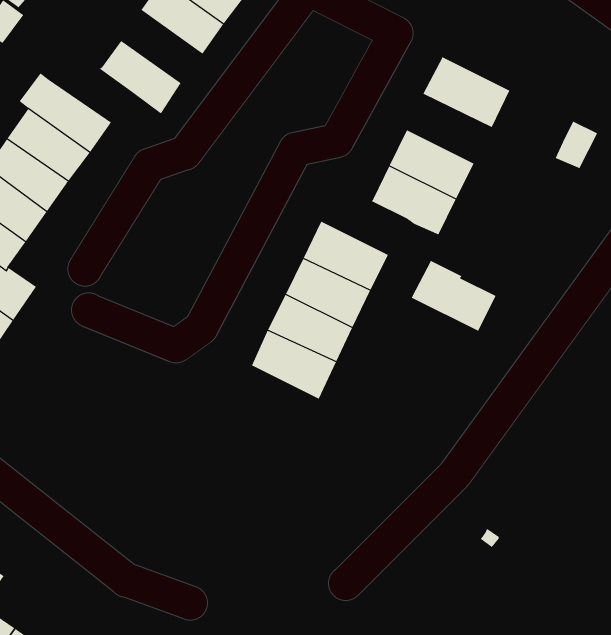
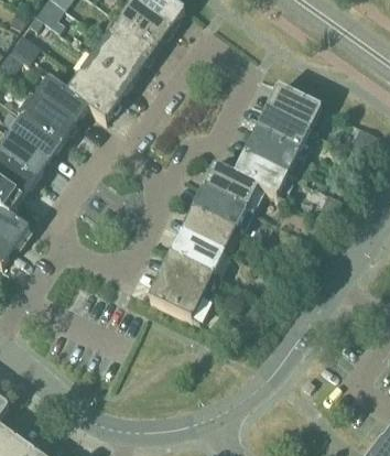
building: none -> [82,53,132,98]
building: none -> [28,68,88,122]
building: none -> [258,105,311,148]
building: [411,260,496,332] -> [205,160,258,204]
building: none -> [151,272,204,315]

